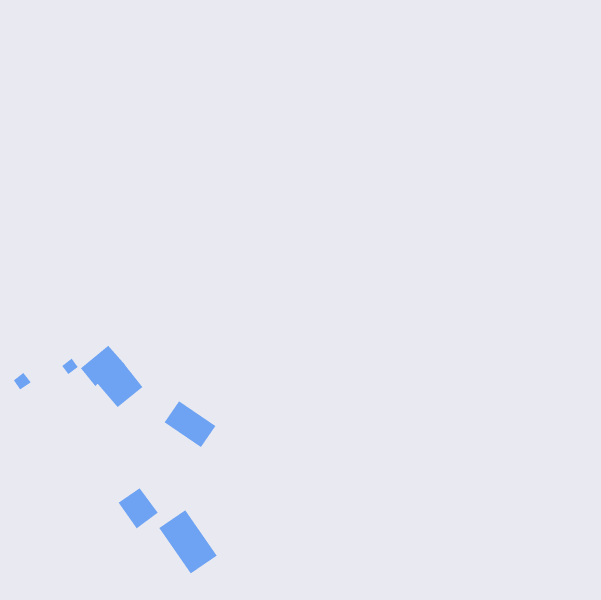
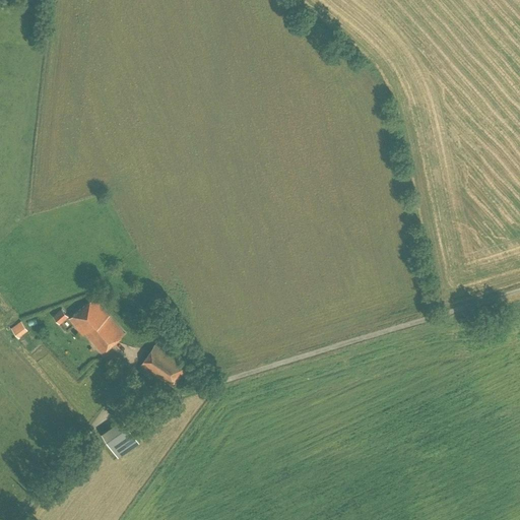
building: [158,509,218,575] -> none

